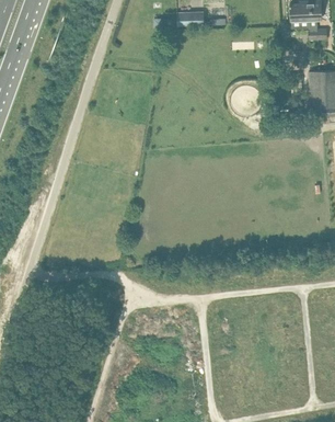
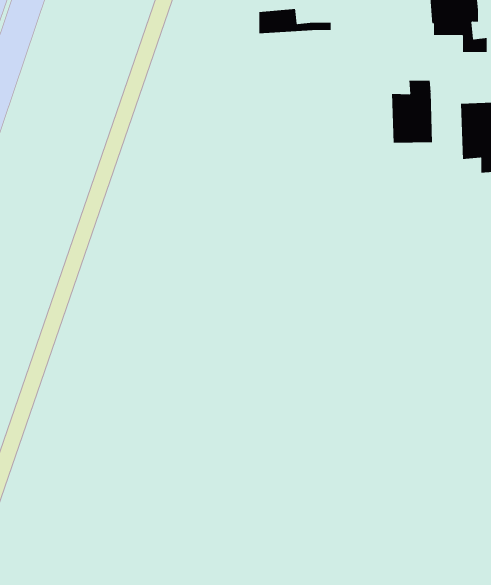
building: none -> [392,80,433,143]

